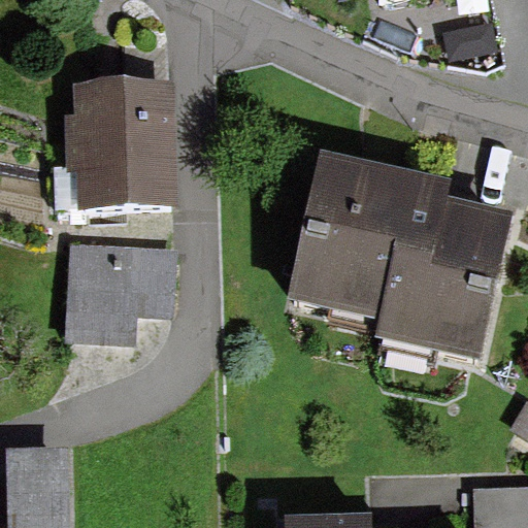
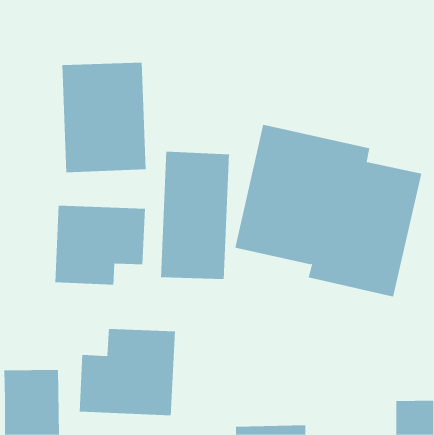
building: none -> [160,151,230,280]
building: none -> [79,328,175,416]

